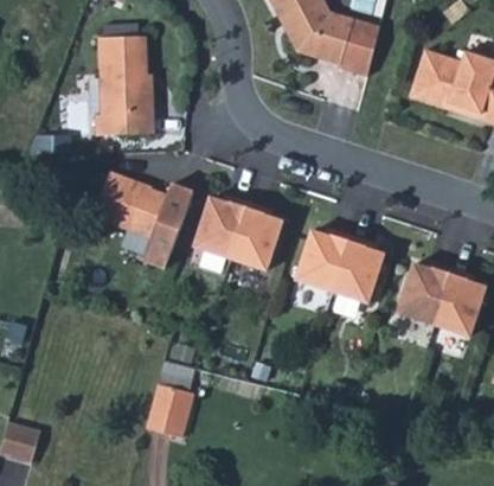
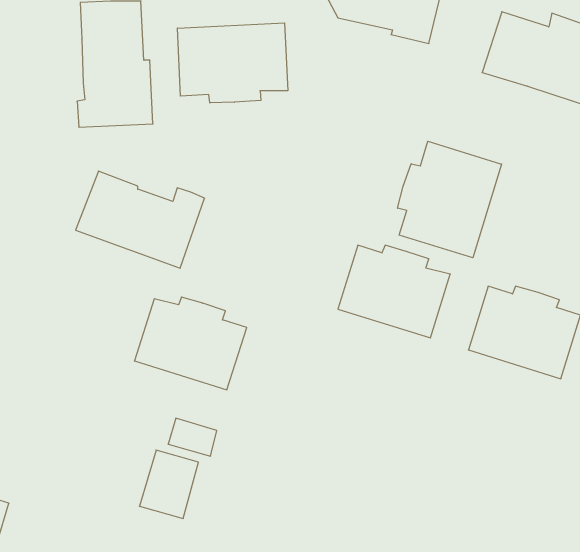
building: none -> [177,23,288,103]
building: none -> [398,141,502,258]
building: [195,198,283,270] -> [134,297,247,390]

